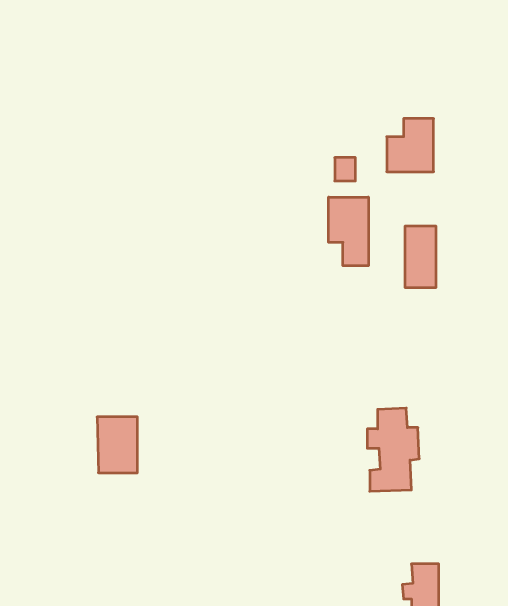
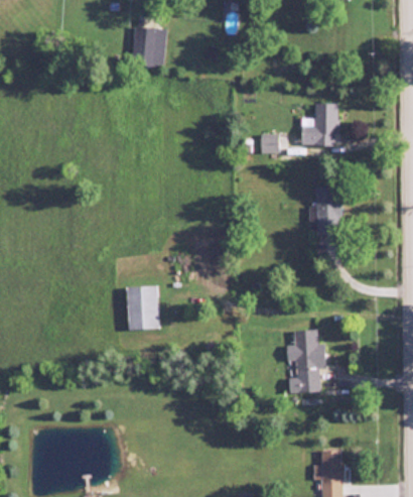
building: none -> [131,25,158,65]
building: [329,197,368,266] -> none
building: [97,417,137,473] -> [127,286,158,330]

